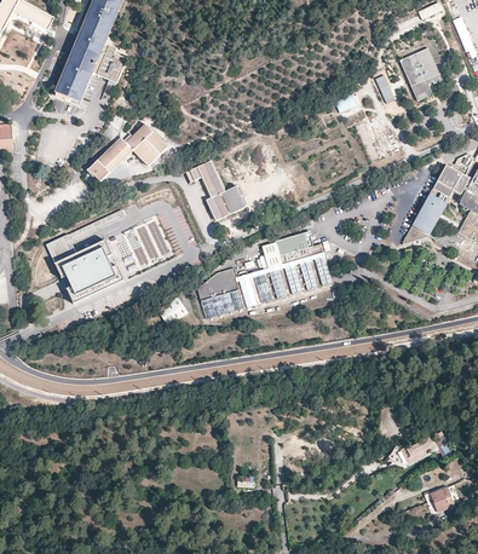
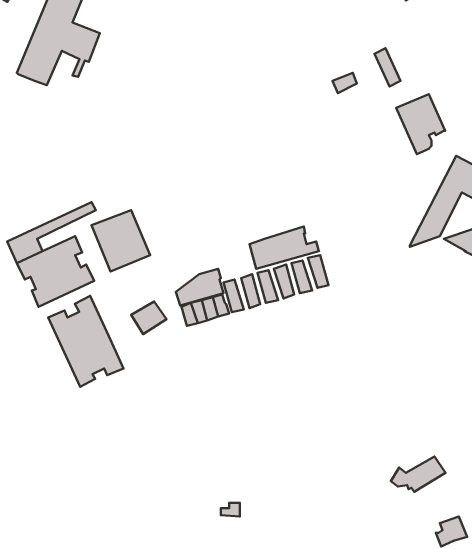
building: [398,46,442,99] -> [396,94,445,154]
building: [88,122,167,180] -> none
building: [185,158,246,219] -> none
building: none -> [48,296,124,387]

